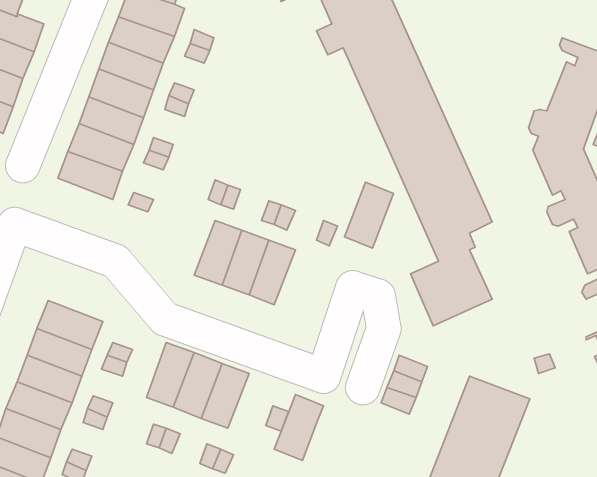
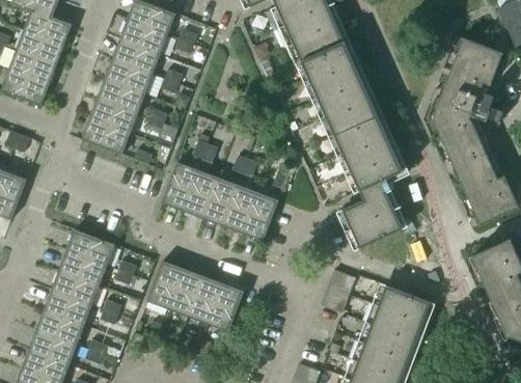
building: [344,182,394,248] -> [242,191,278,240]
building: none -> [162,161,198,210]
building: [274,394,323,460] -> [208,282,244,331]

